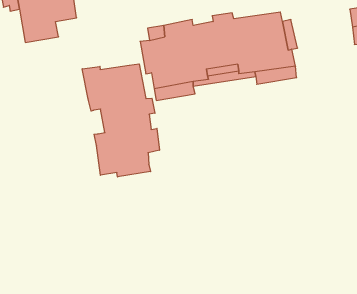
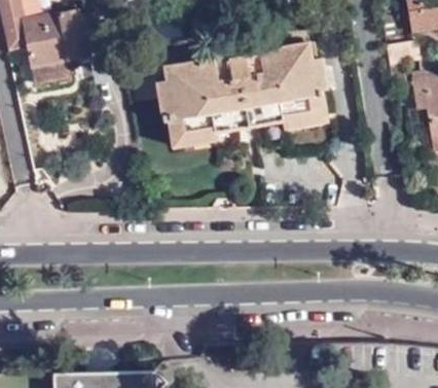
building: [82,64,159,177] -> none

